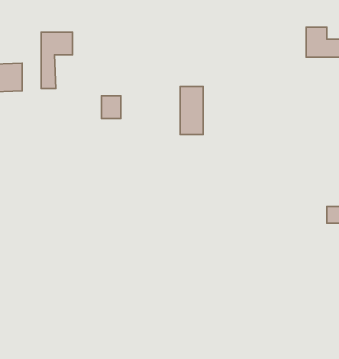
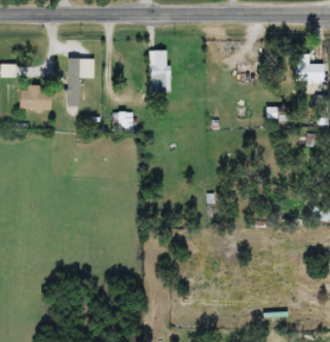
building: [180,86,203,135] -> [149,50,169,91]

